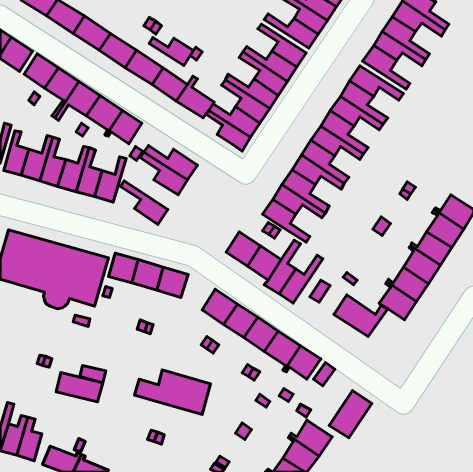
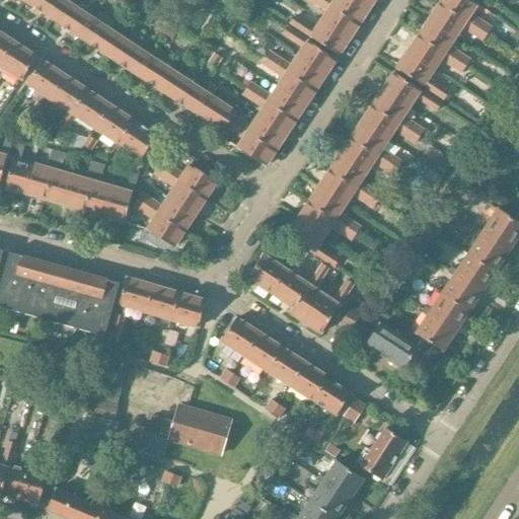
building: [149,38,193,66] -> none
building: none -> [137,191,196,229]
building: [56,373,103,402] -> none

